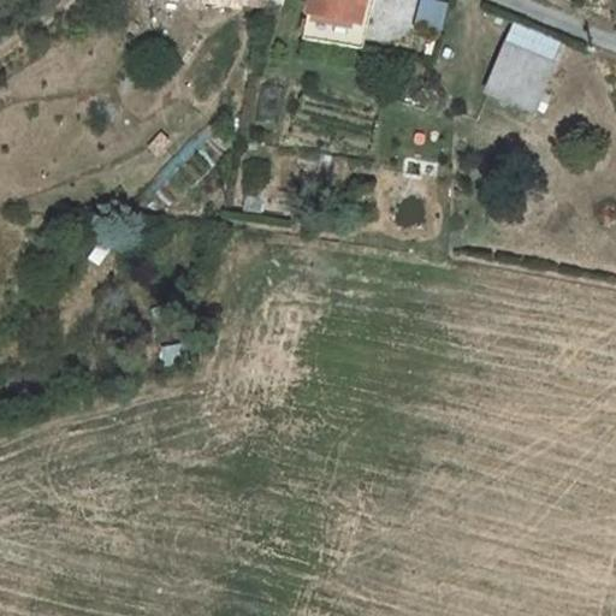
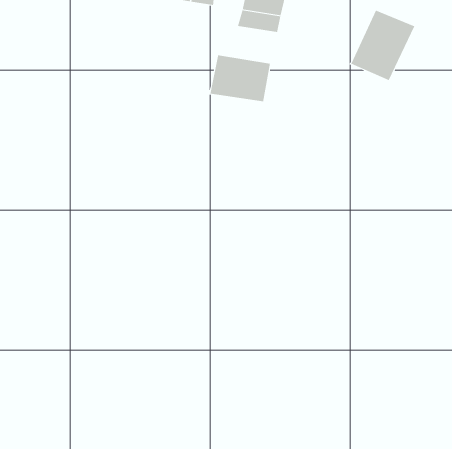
building: none -> [210,55,270,102]

